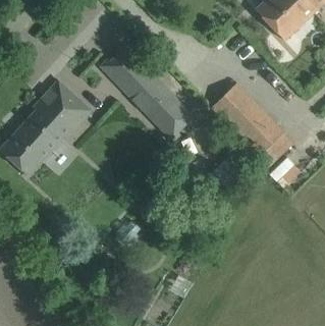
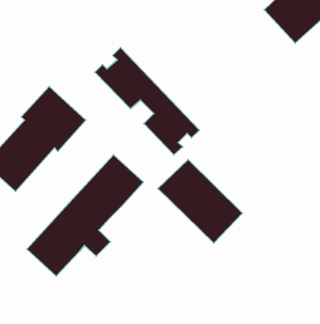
building: [209,84,286,160] -> [158,159,243,243]
building: none -> [27,155,144,276]

